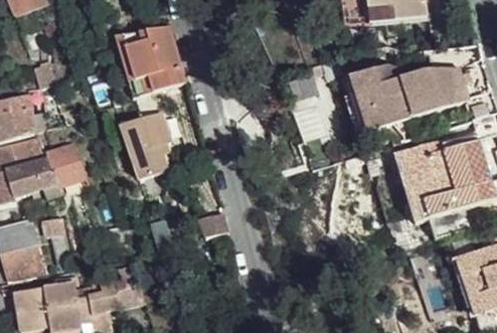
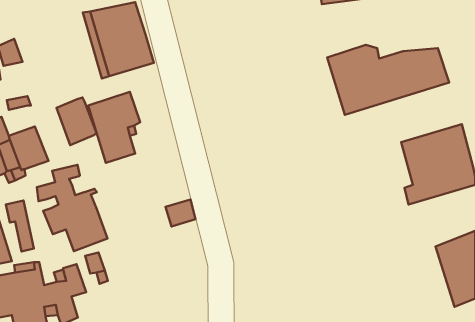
building: none -> [56,97,97,145]
building: [397,133,482,223] -> none
building: none -> [37,165,108,251]

